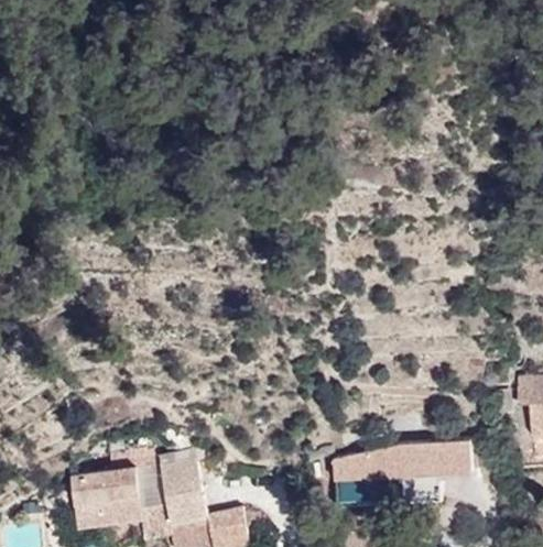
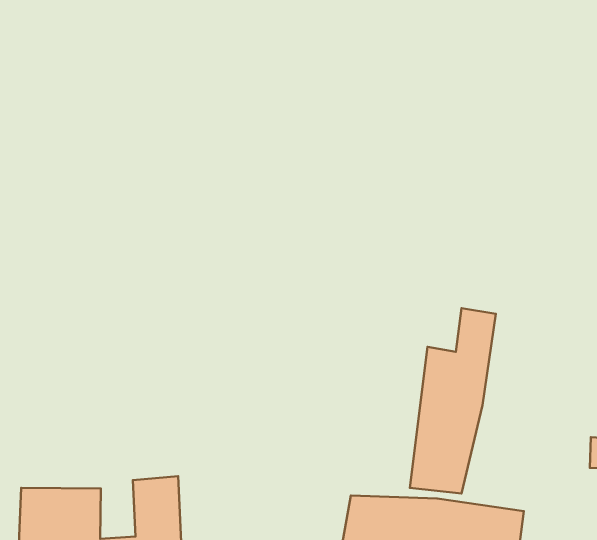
building: none -> [410,308,496,494]

